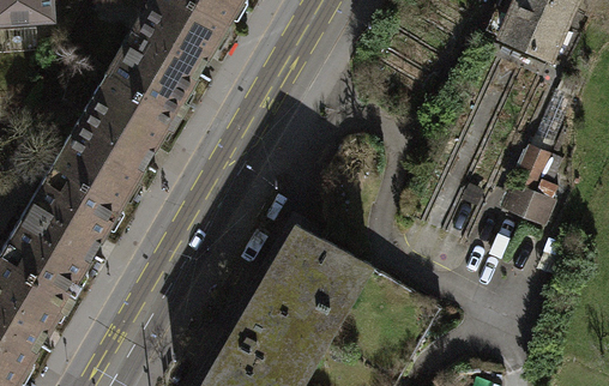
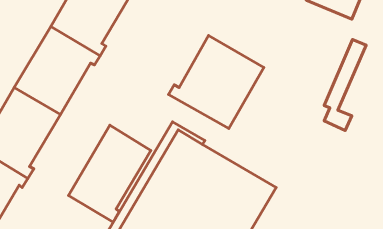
building: none -> [169,35,264,128]
building: none -> [69,125,151,222]

